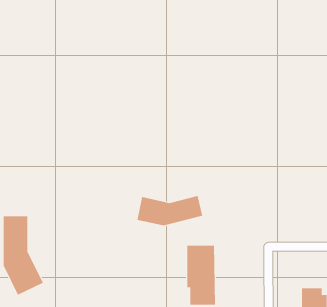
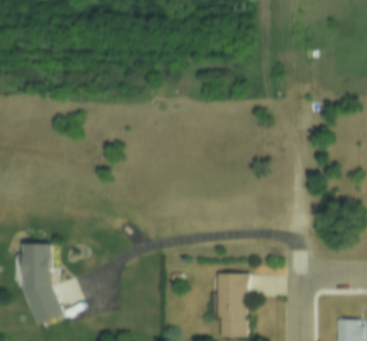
building: [137,195,203,226] -> none

